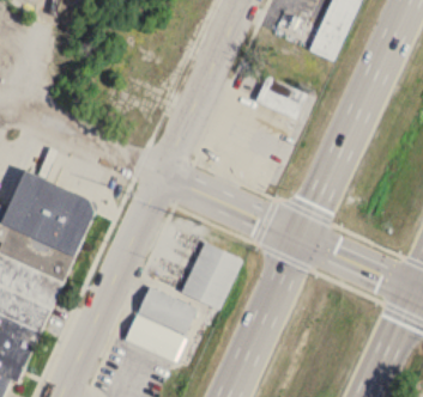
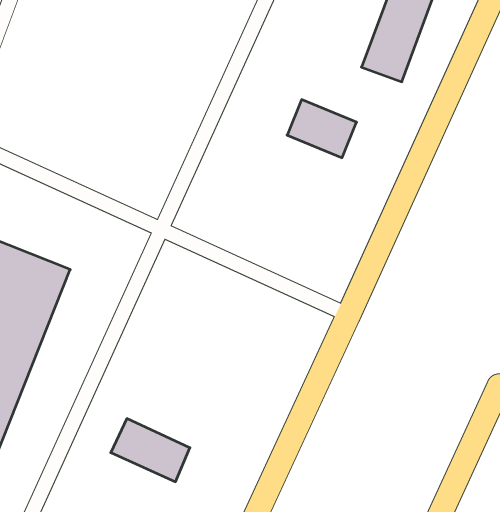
building: [181,240,243,307] -> none
building: [138,285,198,332] -> none

